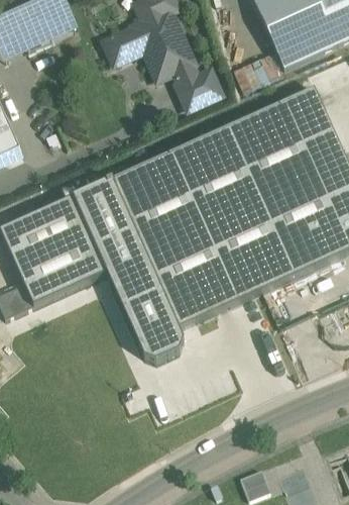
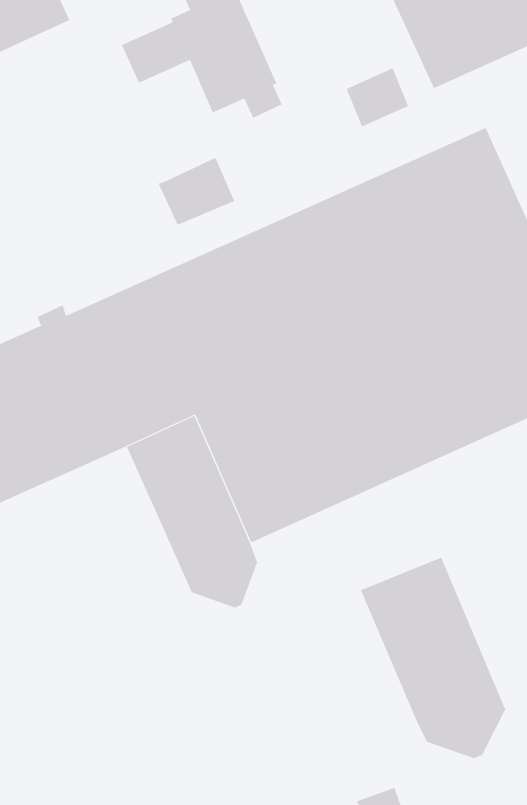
building: [177,68,221,107] -> [158,157,235,226]
building: none -> [360,557,506,759]

